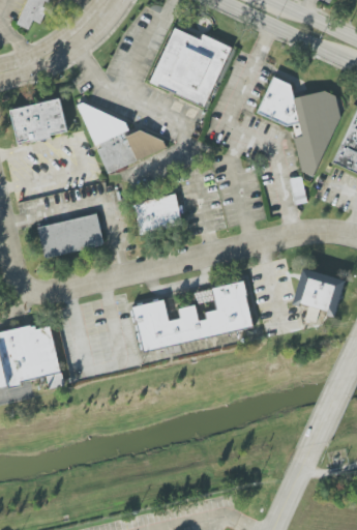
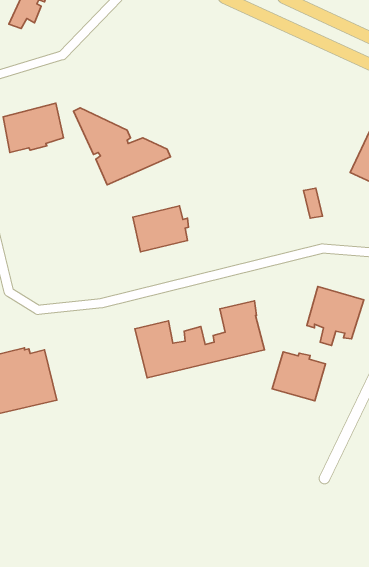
building: [150,27,232,107] -> none
building: [258,76,344,177] -> none
building: [37,213,105,259] -> none
building: none -> [272,352,326,401]

